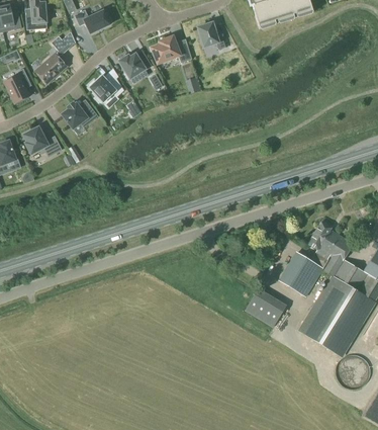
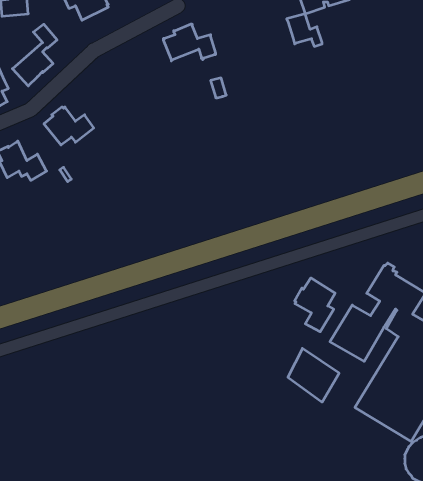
building: [197,22,224,48] -> [287,14,322,46]
building: [118,53,152,83] -> none
building: [87,73,123,101] -> none
building: none -> [295,278,335,332]

